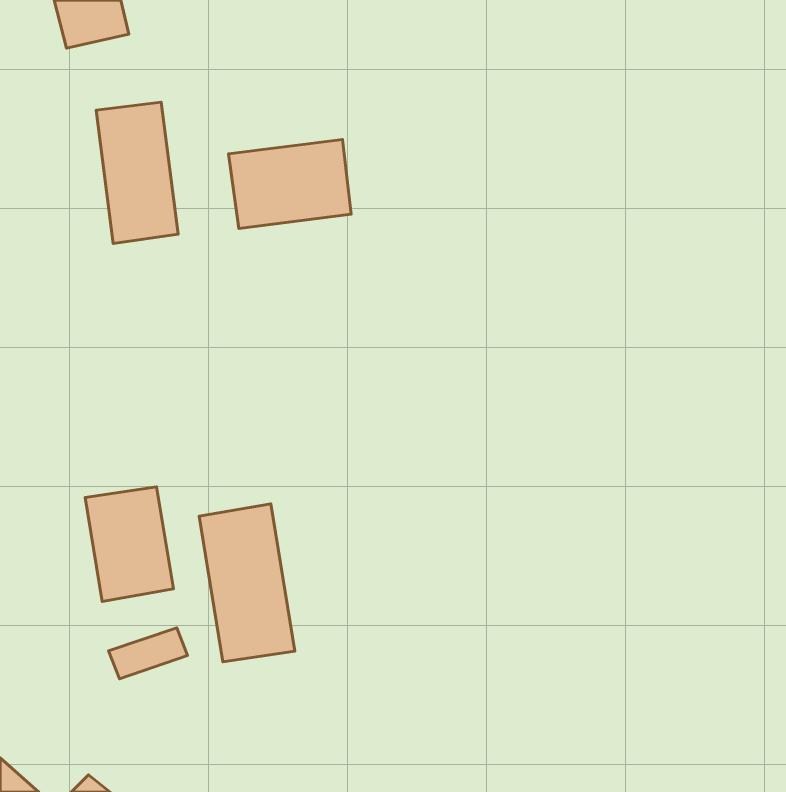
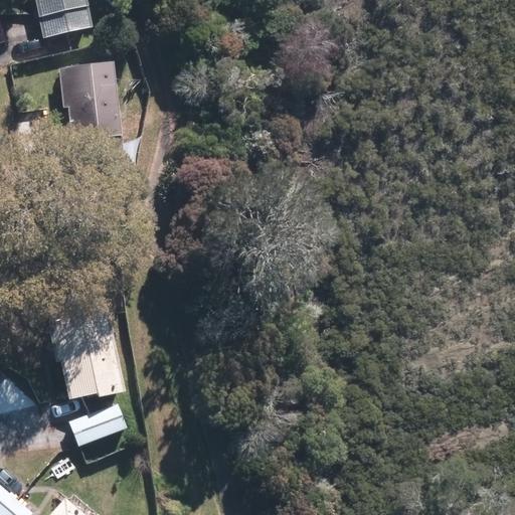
building: [228,139,351,228] -> none
building: [199,504,295,662] -> none

